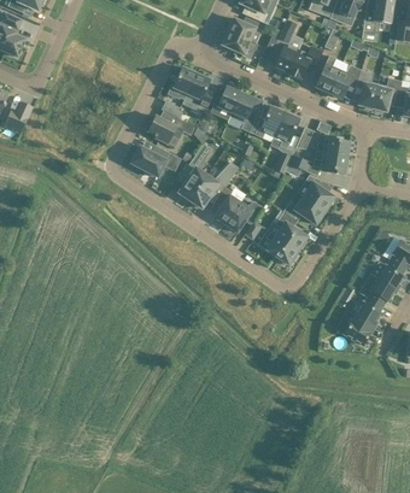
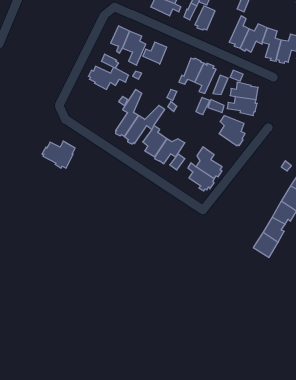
building: [287,46,322,78] -> none
building: [229,92,259,131] -> none
building: [129,143,169,176] -> [42,141,75,168]
building: [282,195,326,223] -> none

